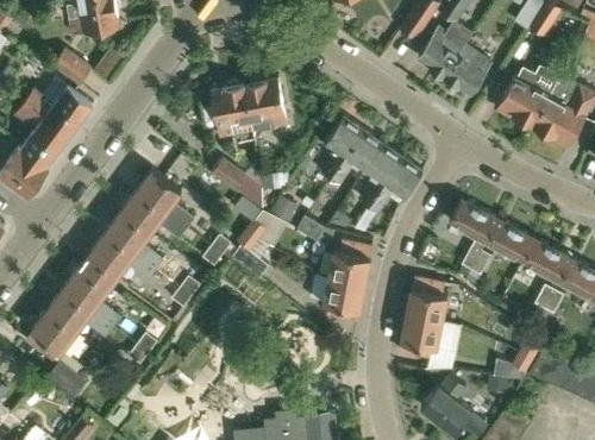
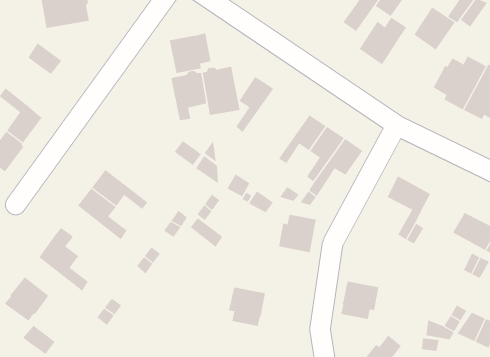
building: none -> [169,33,211,74]
building: [444,45,490,94] -> [414,6,456,50]
building: [26,86,92,134] -> none
building: [320,117,363,180] -> [235,76,274,133]
building: [137,170,192,228] -> none
building: [486,219,534,262] -> none
building: [88,232,155,288] -> none
building: [322,277,364,321] -> [228,287,266,327]
building: [405,277,446,322] -> none
building: [48,289,112,337] -> none

